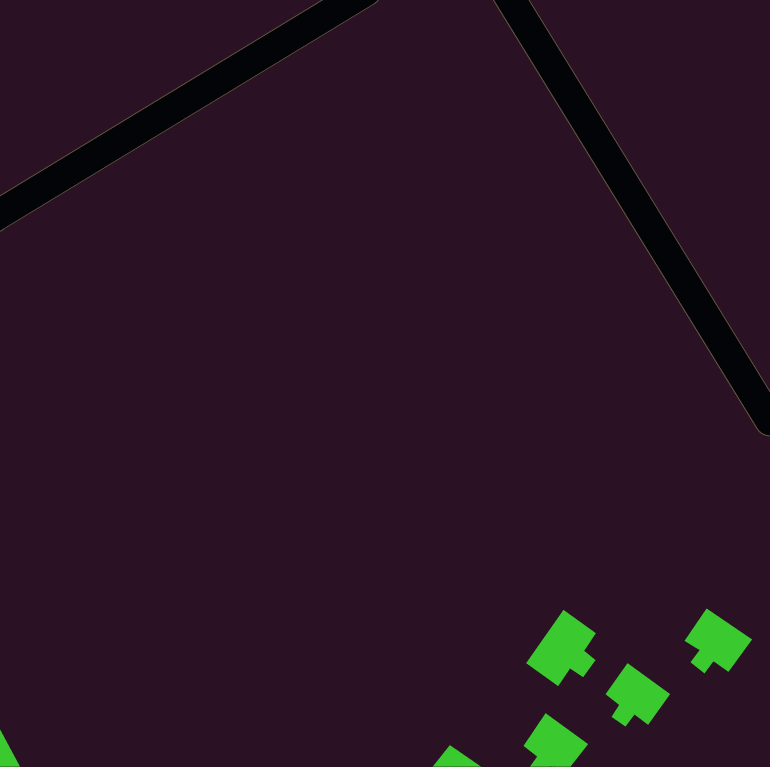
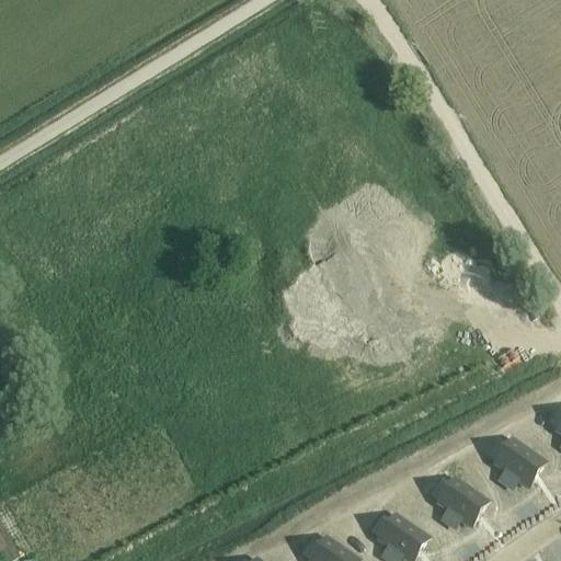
building: [525,609,597,687] -> none

